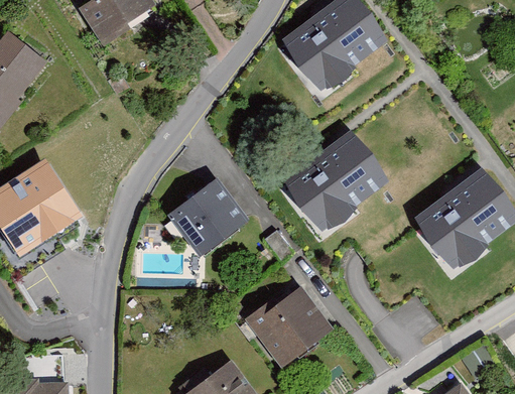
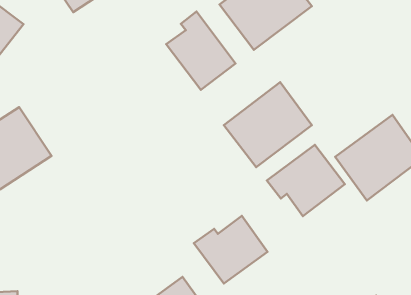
building: none -> [166,11,235,90]
building: [168,176,251,257] -> none
building: none -> [267,145,345,216]

